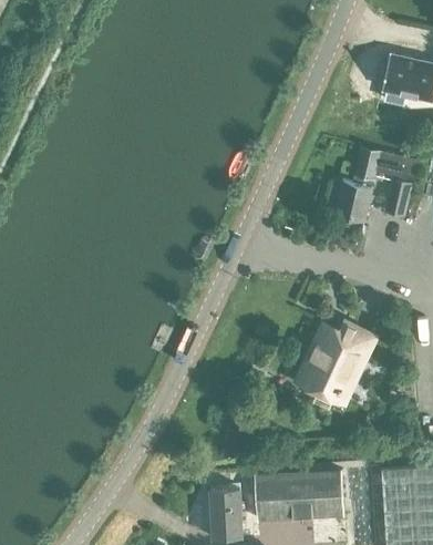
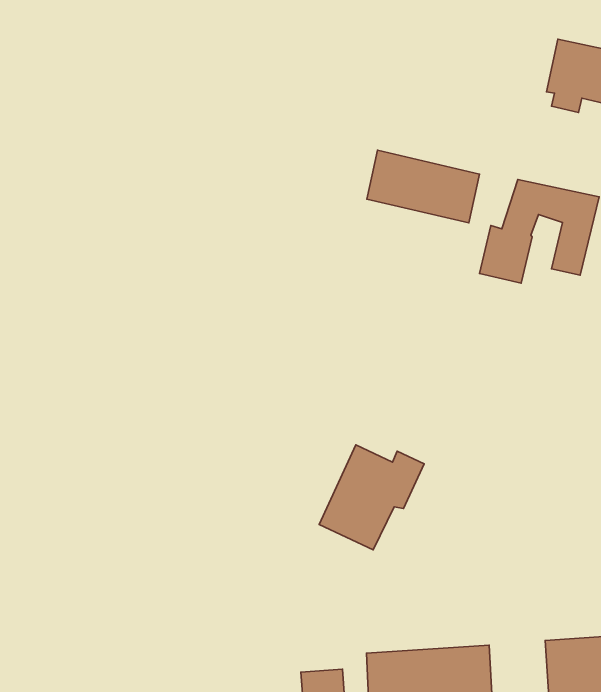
building: none -> [367,150,480,223]
building: [299,326,372,399] -> [319,445,424,550]

